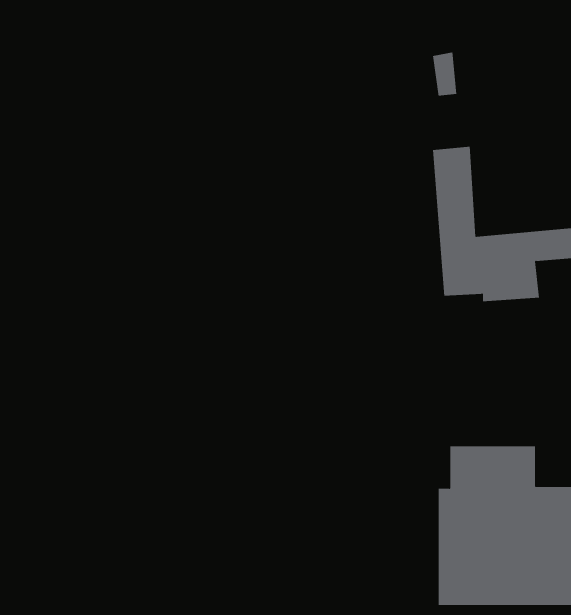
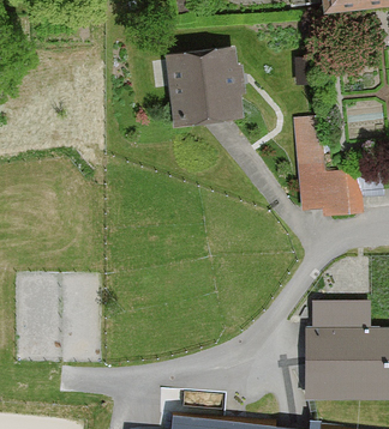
building: none -> [167,43,243,120]

